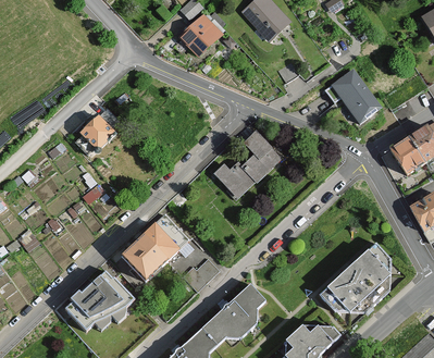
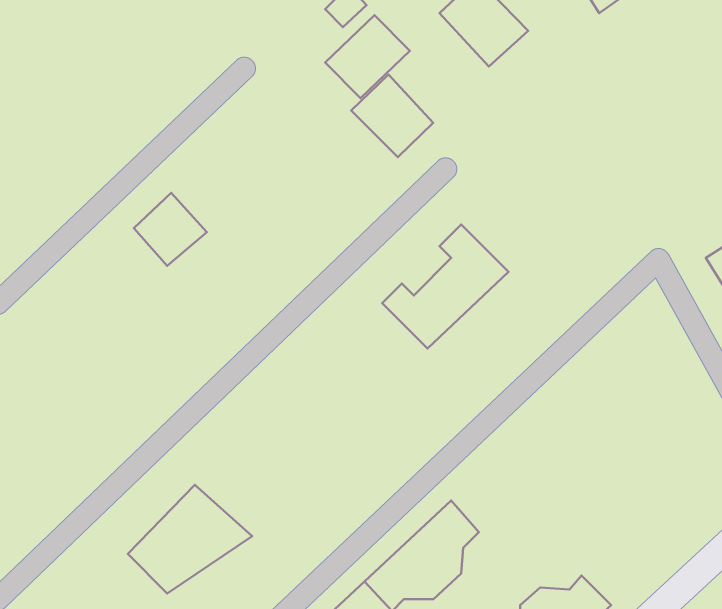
building: none -> [351,75,433,157]
building: [330,67,381,123] -> none
building: [129,225,189,283] -> none
building: [319,242,389,311] -> none

